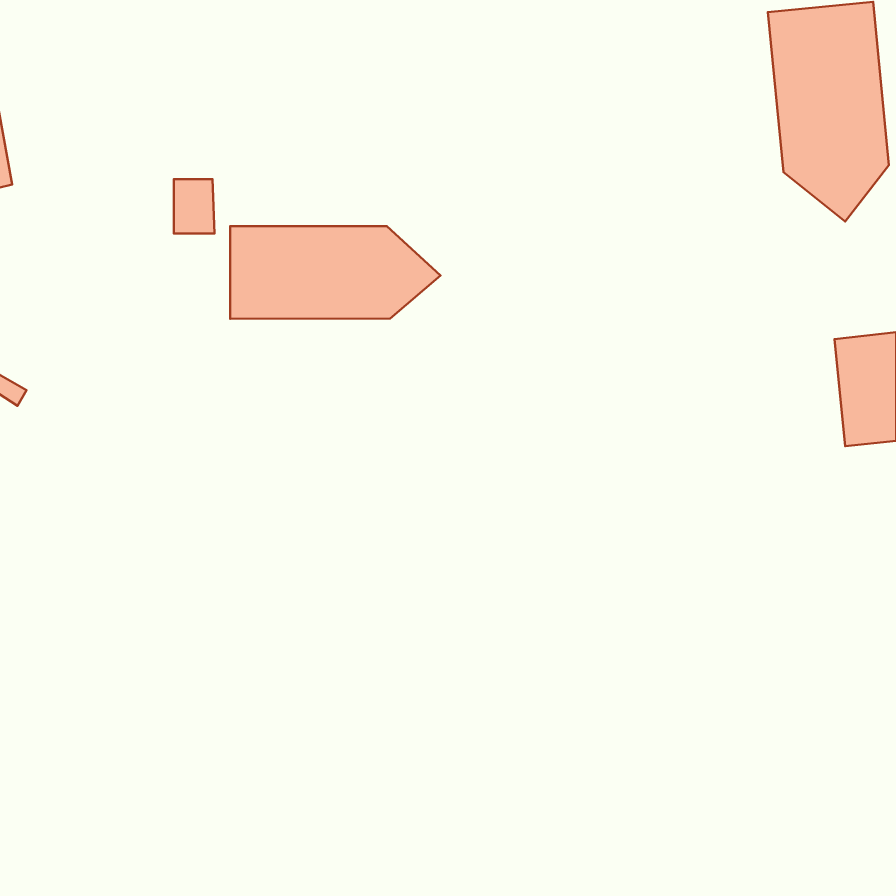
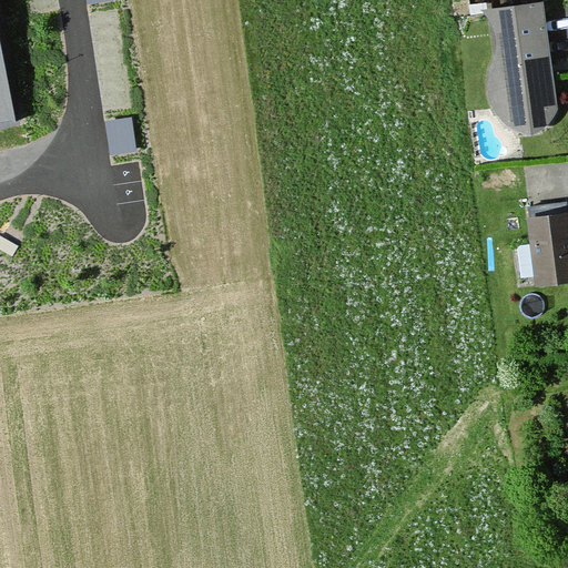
building: [230,226,440,319] -> none

